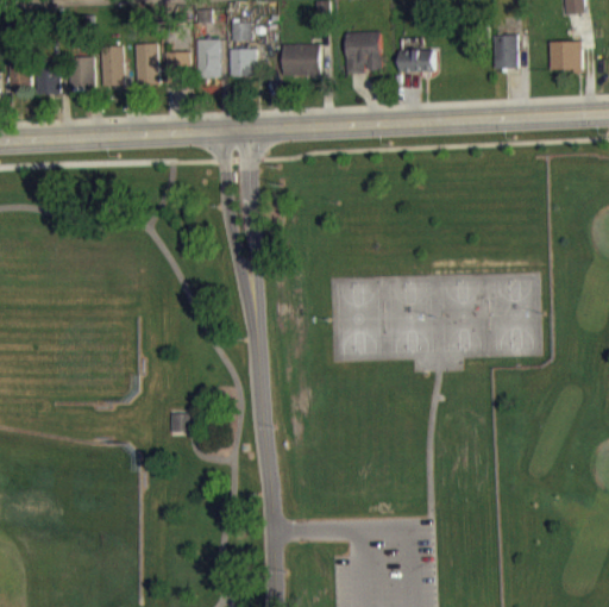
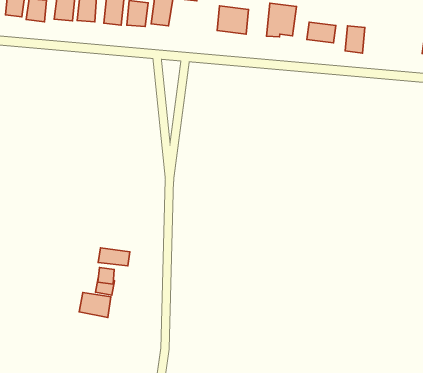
building: [494,35,517,68] -> [345,26,365,53]
building: [230,48,255,76] -> none
building: none -> [98,248,130,266]
building: none -> [79,293,111,317]

